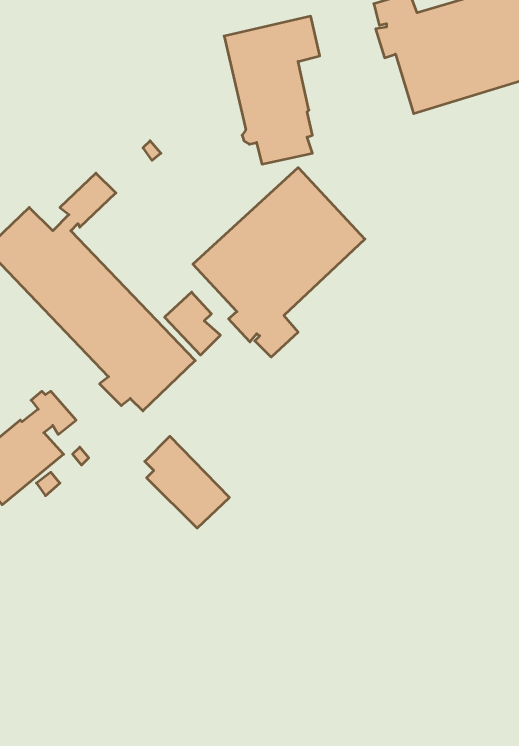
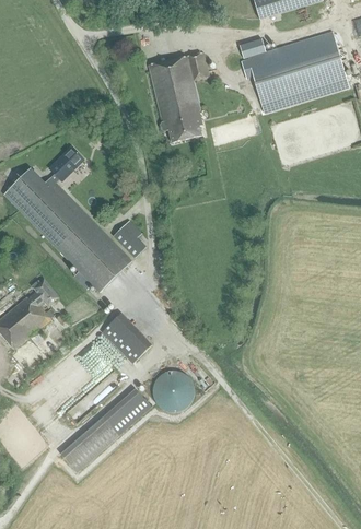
building: [193,168,365,357] -> none
building: none -> [160,371,196,409]
building: none -> [60,388,150,471]

